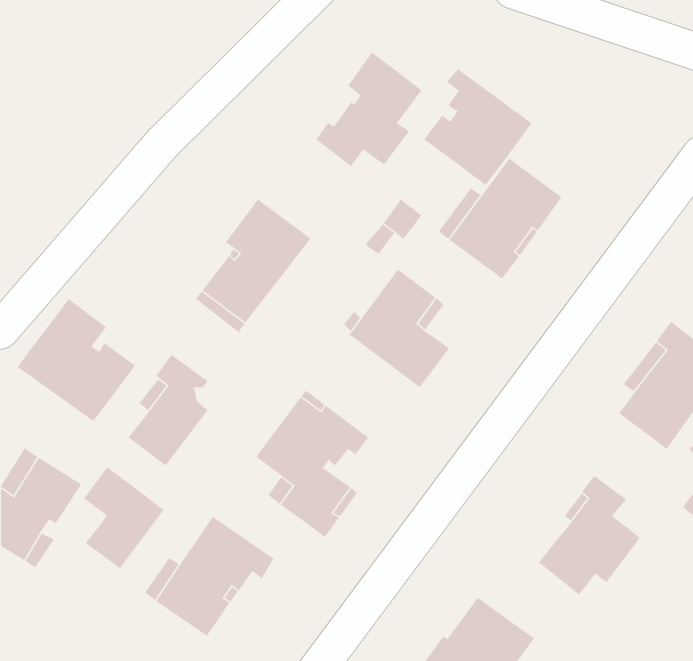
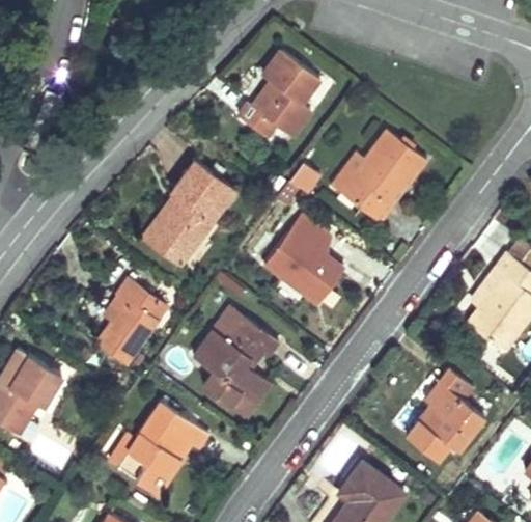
building: [423,69,533,186] -> none
building: [17,298,136,422] -> none
building: [83,466,165,569] -> none

